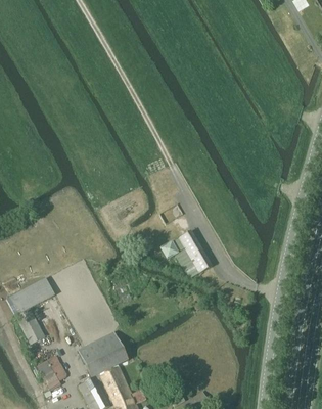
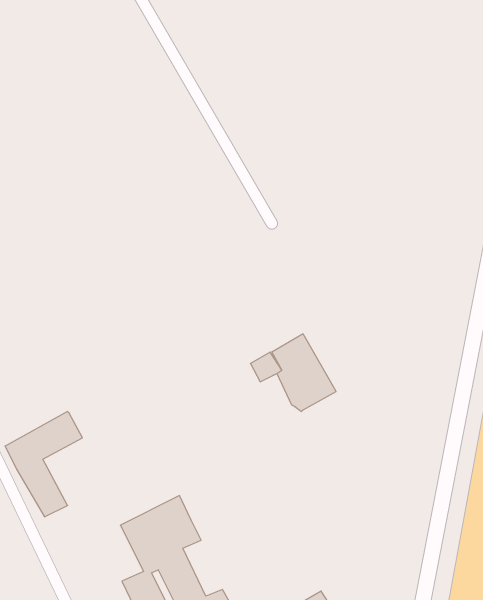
building: [37,354,67,389] -> none

